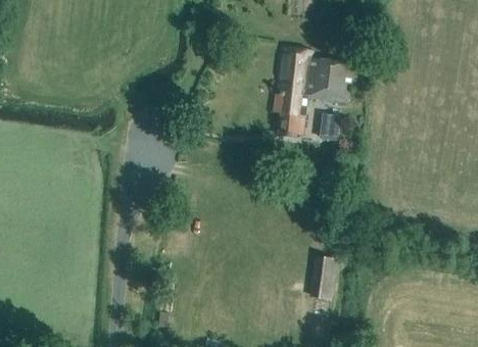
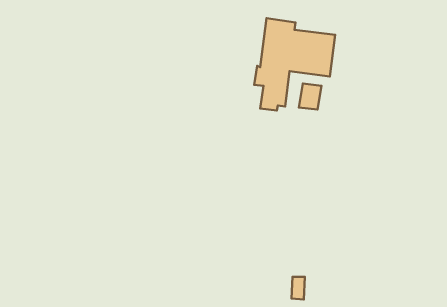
building: [310,254,337,299] -> none

